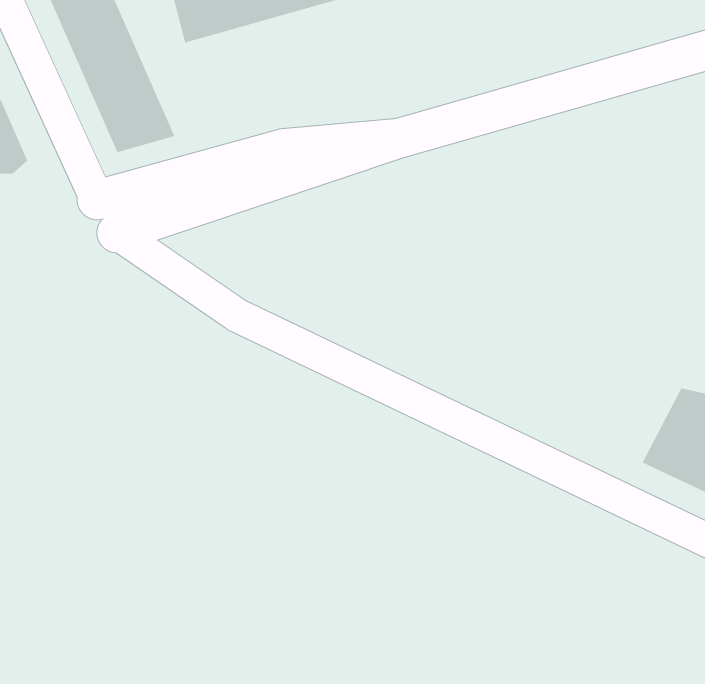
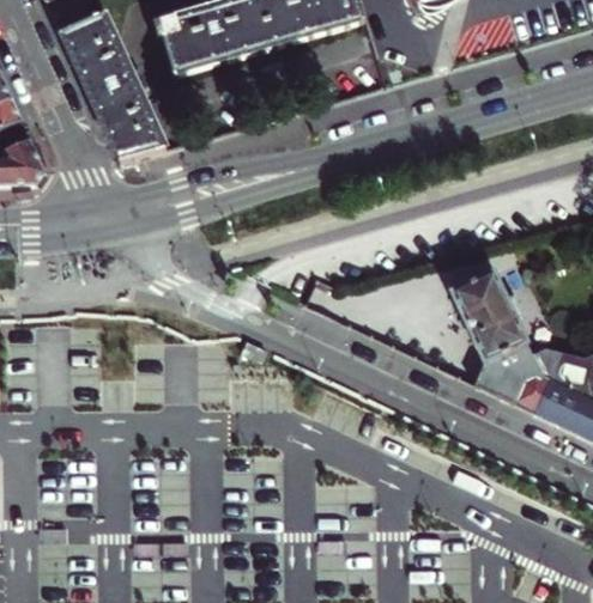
building: none -> [449,269,564,408]

